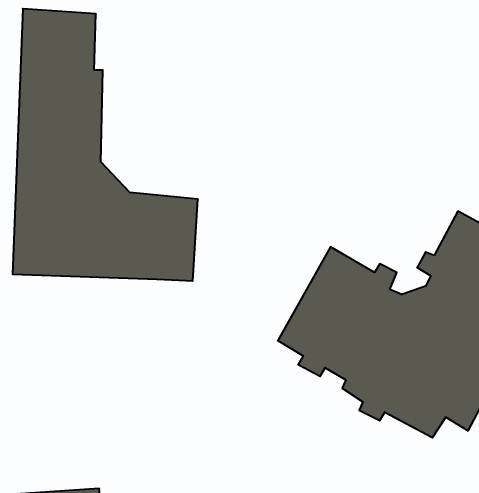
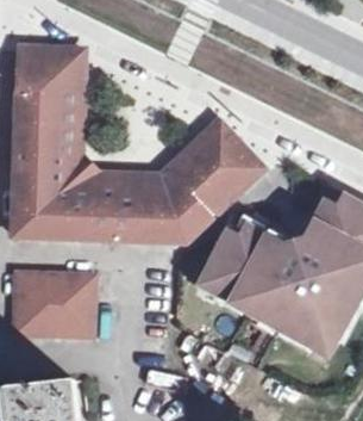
building: none -> [151,124,264,239]
building: none -> [13,270,95,333]

